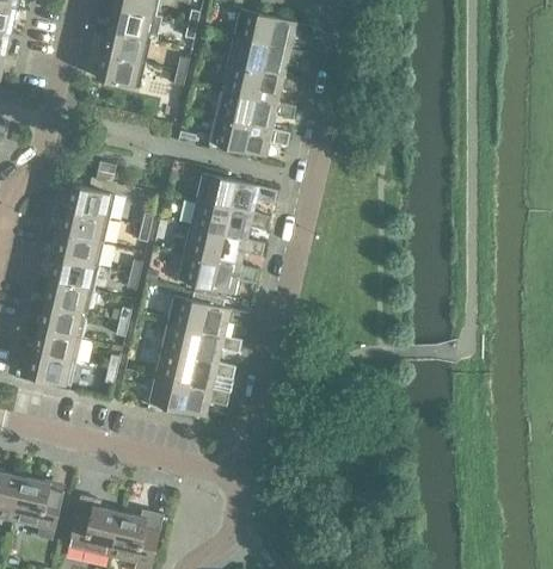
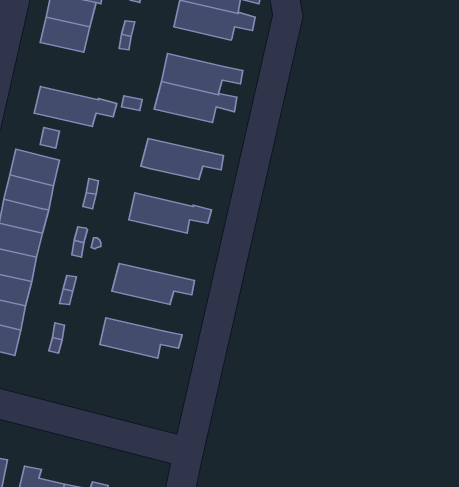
building: [220,63,300,103] -> none
building: [188,200,269,240] -> [34,86,117,127]
building: [176,253,257,299] -> none
building: [159,323,240,363] -> none
building: [147,376,228,418] -> none

